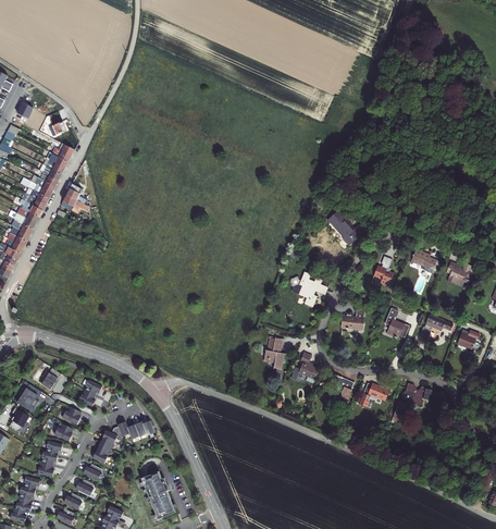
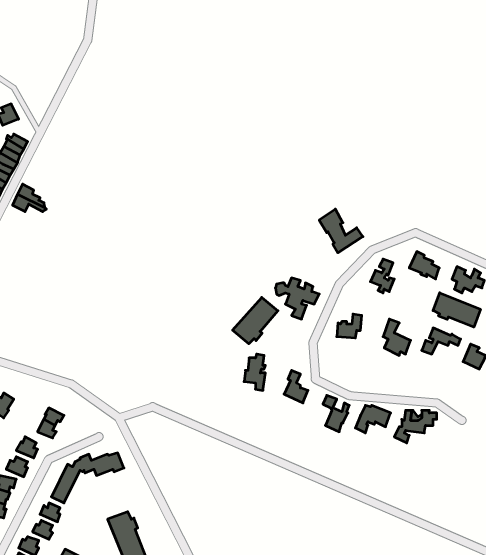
building: none -> [433,293,480,327]
building: none -> [233,297,278,344]

